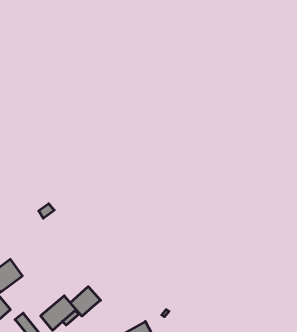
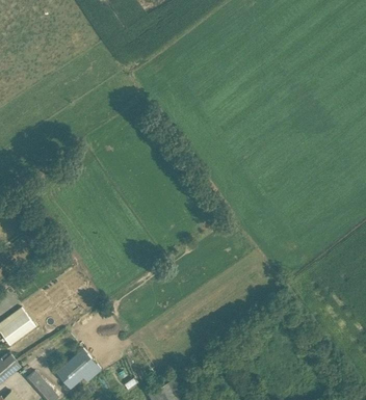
building: [70,287,101,316] -> none

